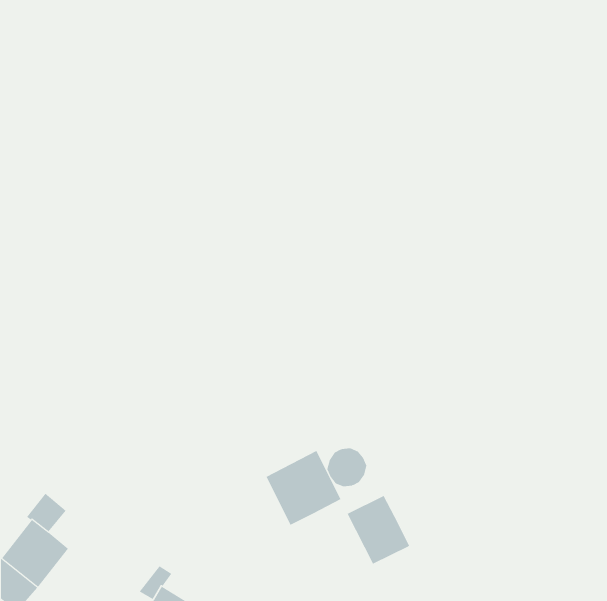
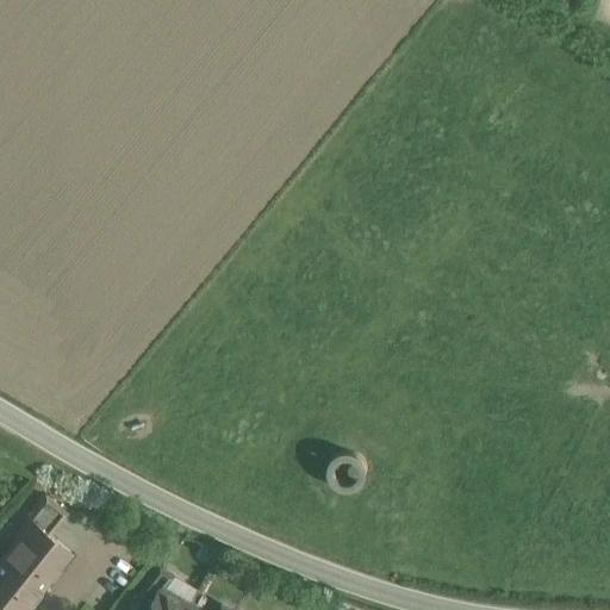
building: [266,450,341,526] -> none
building: [347,495,410,565] -> none

